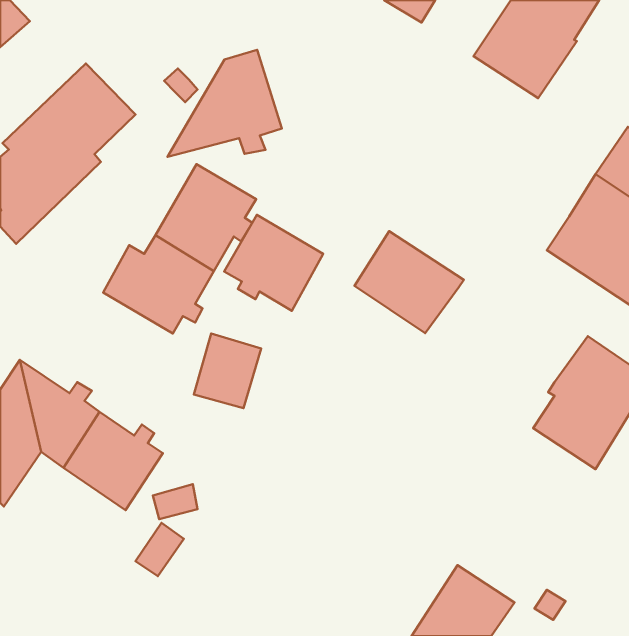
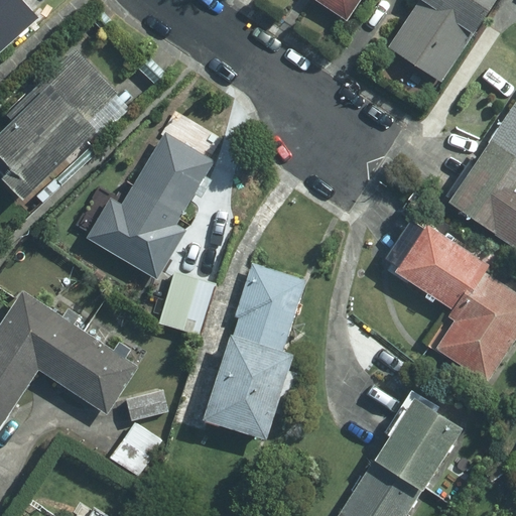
building: [168,50,282,157] -> none
building: [224,215,323,311] -> none
building: [354,231,464,333] -> [397,227,486,309]
building: none -> [203,265,305,438]
building: none -> [376,401,459,488]

